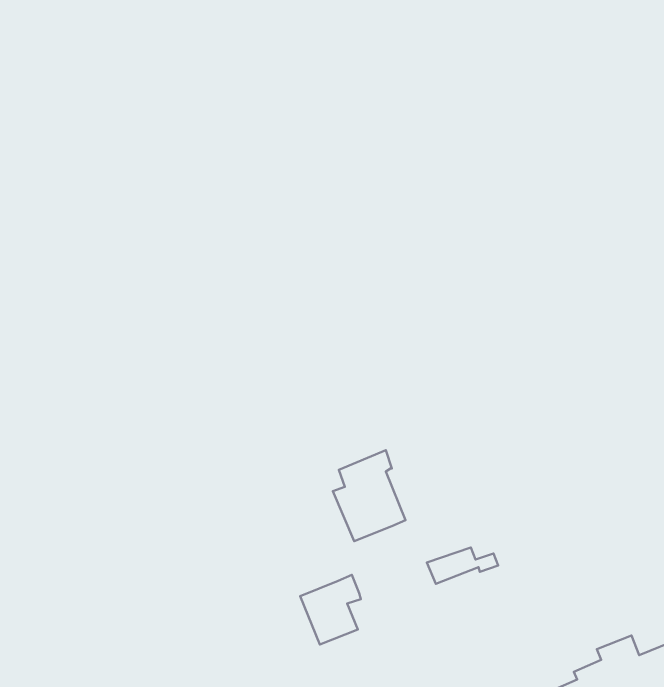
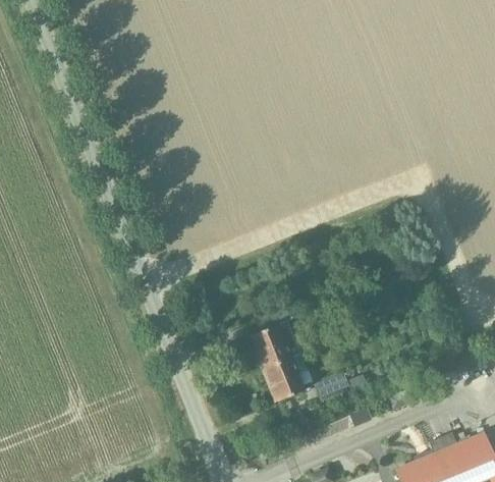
building: [300,575,361,645] -> [267,358,308,405]

